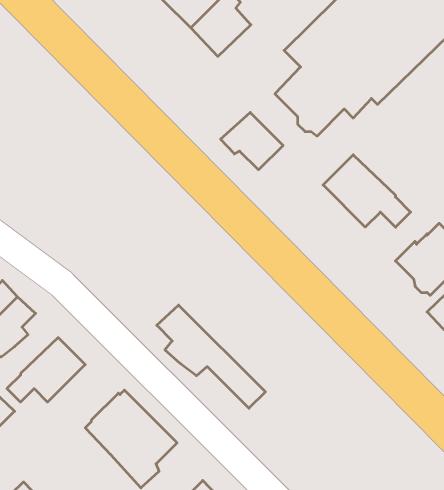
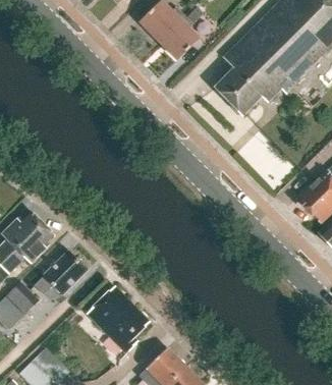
building: [221,112,283,170] -> none
building: [323,155,411,227] -> none
building: [157,305,265,408] -> none

